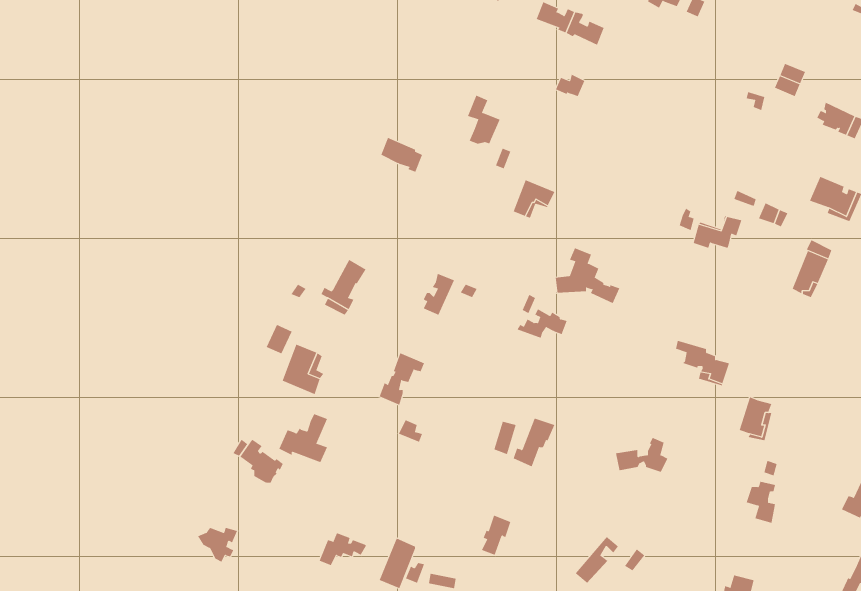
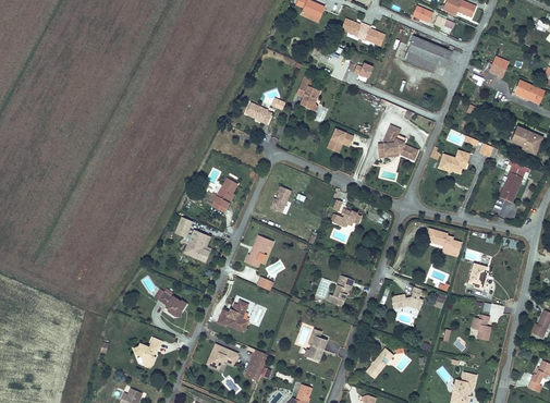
building: none -> [404,36,452,72]
building: [555,247,620,304] -> [378,125,418,160]
building: [278,413,328,463] -> [218,301,248,331]

